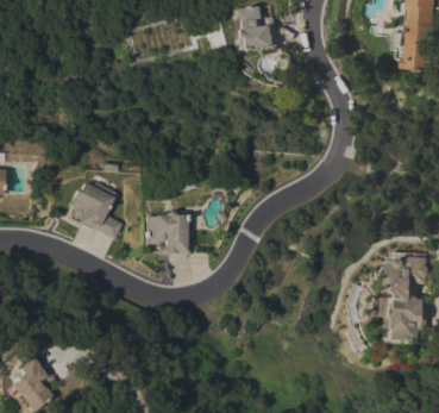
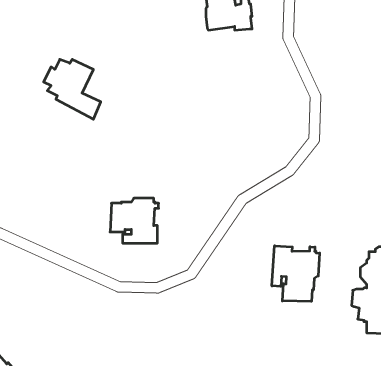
building: [67,183,121,240] -> [44,59,101,119]
building: none -> [272,246,320,301]

